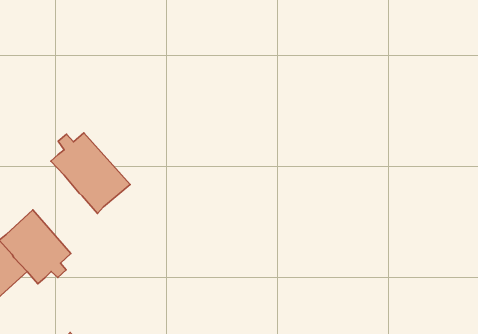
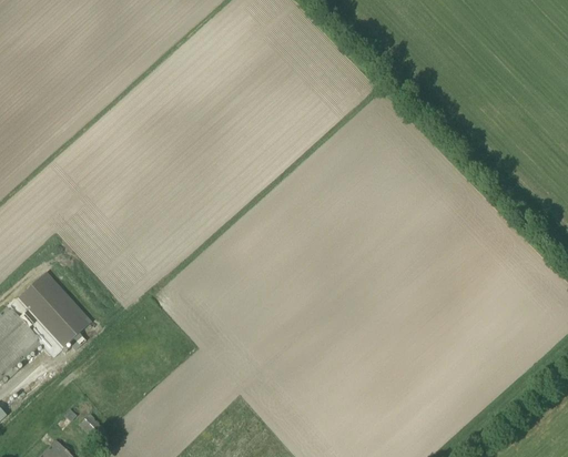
building: [51,133,130,214] -> none

